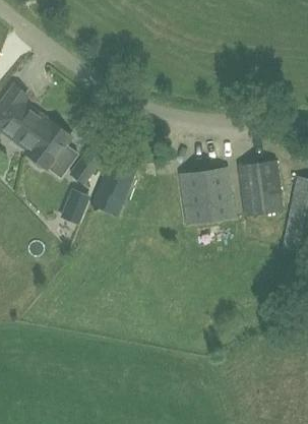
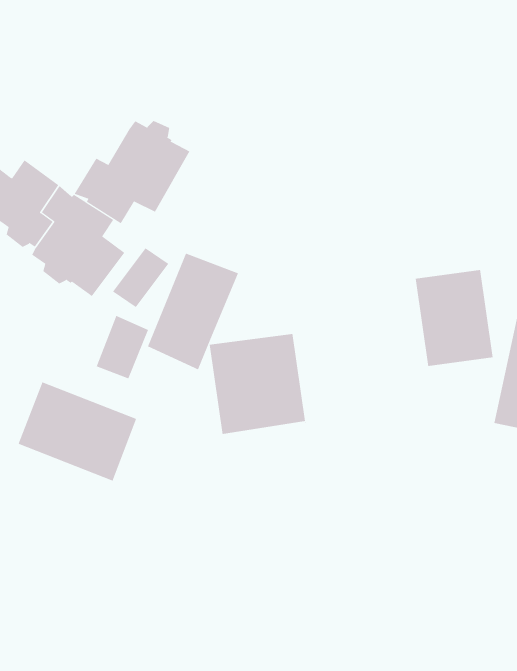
building: none -> [74,120,190,224]
building: [181,167,235,223] -> [209,334,306,434]
building: none -> [18,381,137,481]

